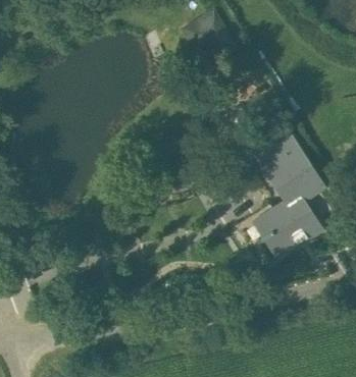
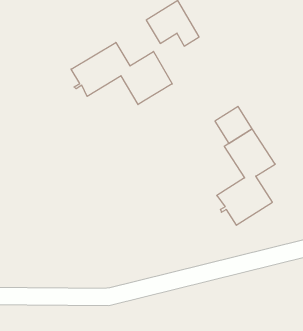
building: none -> [71,42,172,105]

